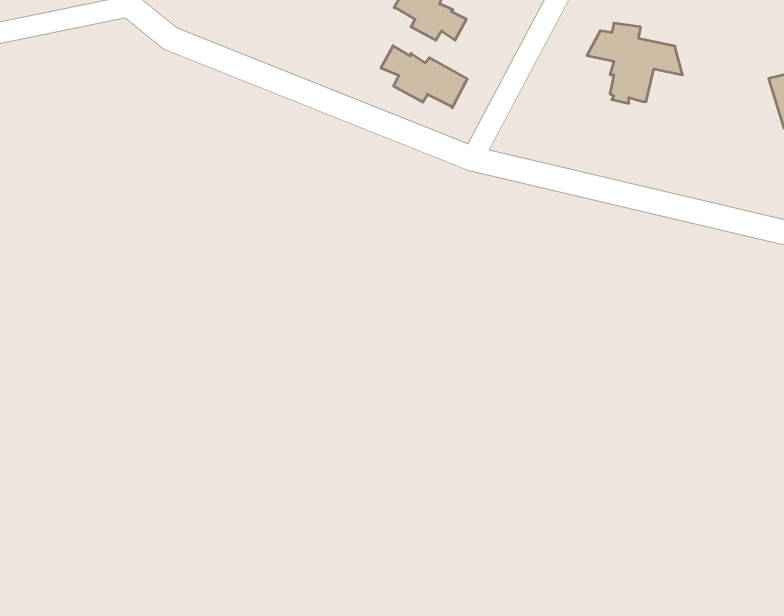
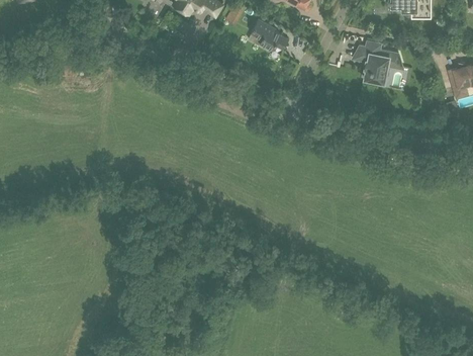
building: [381,46,467,108] -> none

